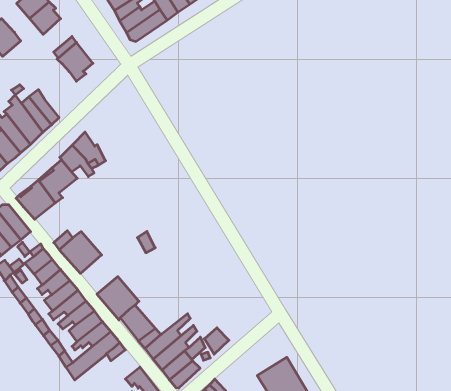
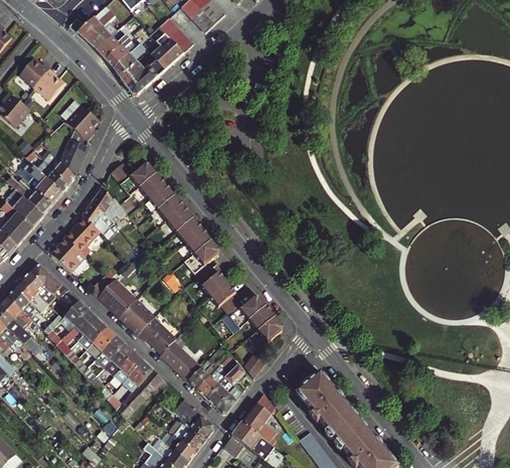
building: none -> [59,132,91,176]
building: none -> [109,160,281,347]
building: none -> [117,299,153,336]

